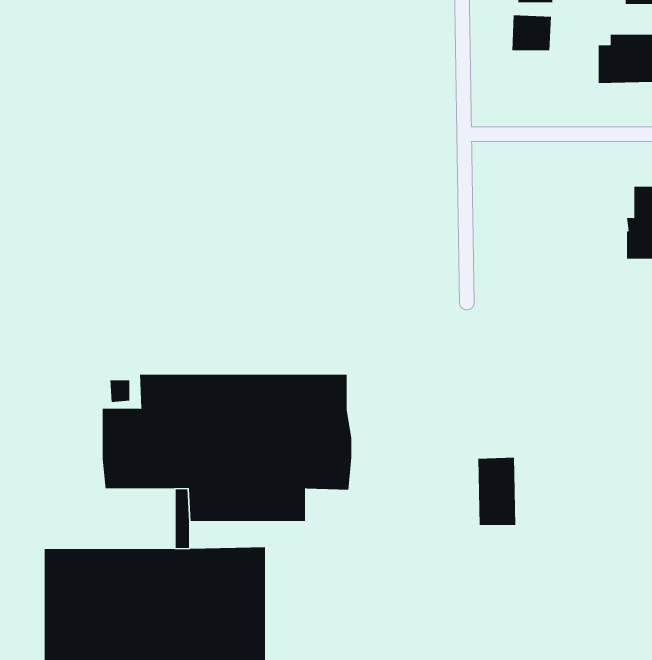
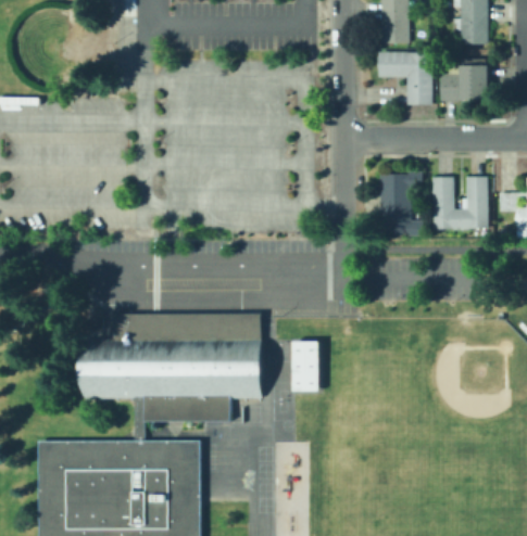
building: none -> [406,53,434,105]
building: none -> [380,173,424,237]
building: none -> [432,178,462,230]
building: [477,457,516,526] -> [291,341,319,391]

